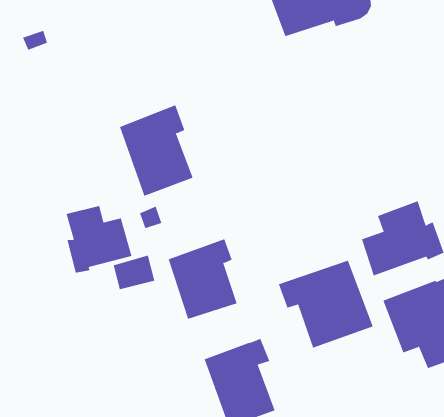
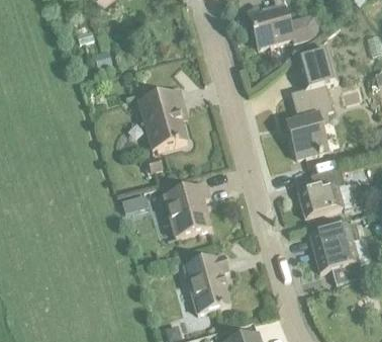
building: none -> [287,51,338,158]
building: [66,205,132,273] -> none
building: [278,260,373,348] -> none

